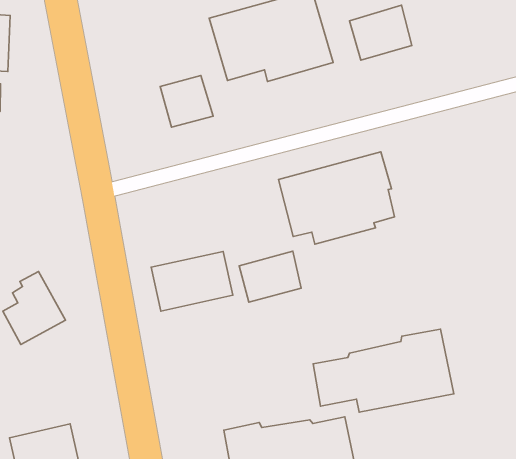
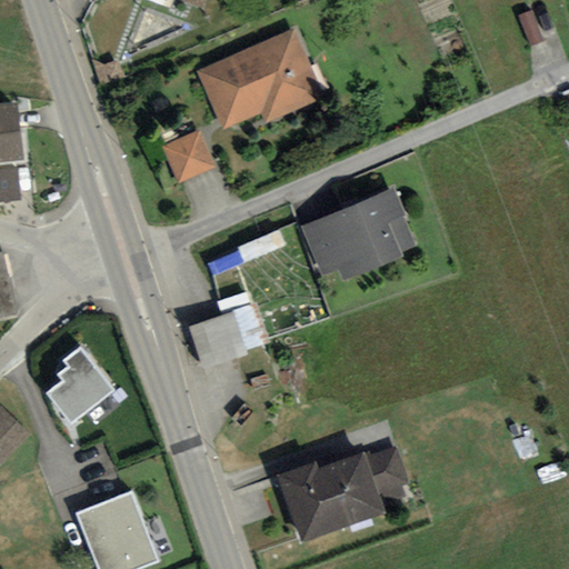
building: [349,5,412,60] -> none
building: [239,251,301,302] -> none
building: [313,329,454,412] -> none

